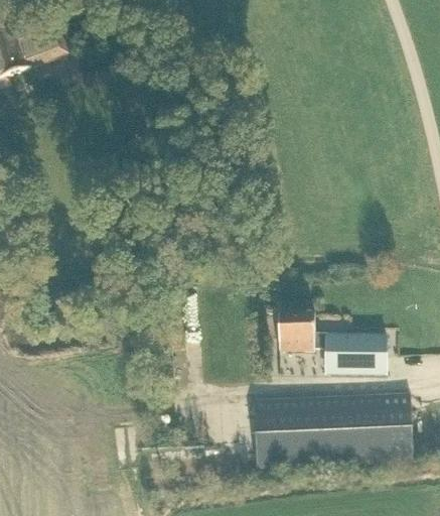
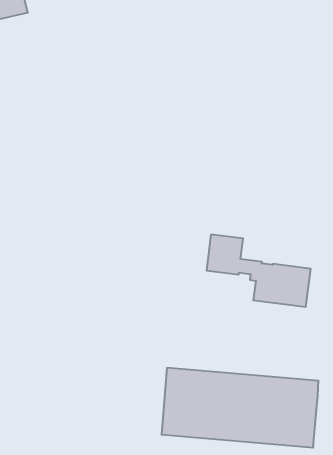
building: [280,312,386,374] -> [207,235,311,307]

